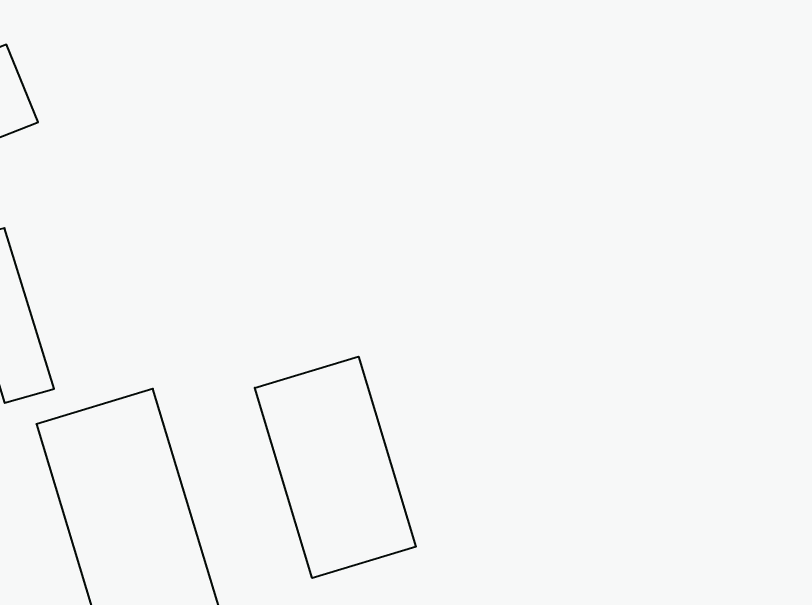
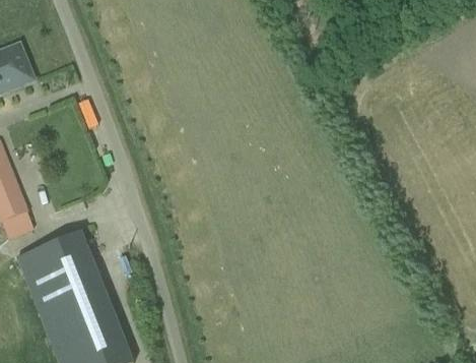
building: [255,357,416,578] -> none

